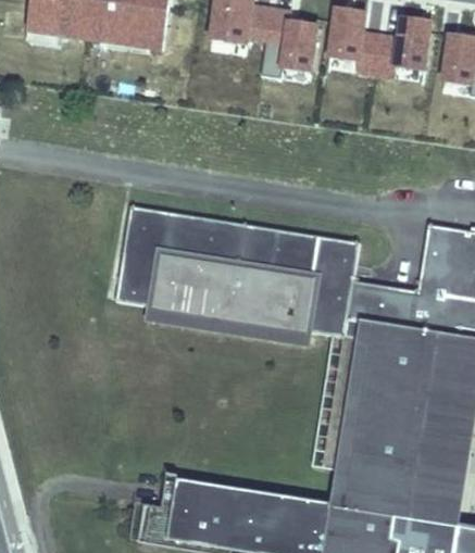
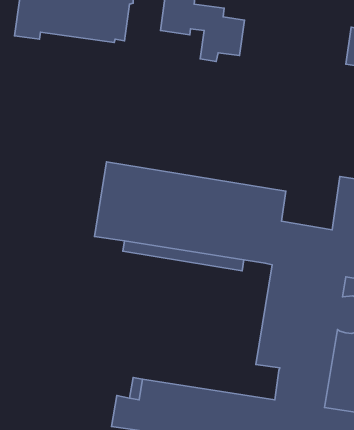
building: [330,10,432,78] -> none

